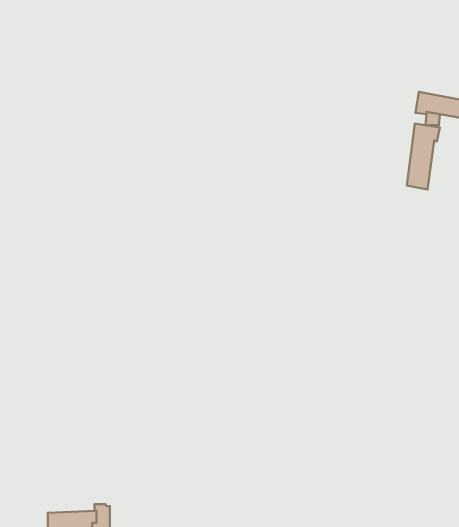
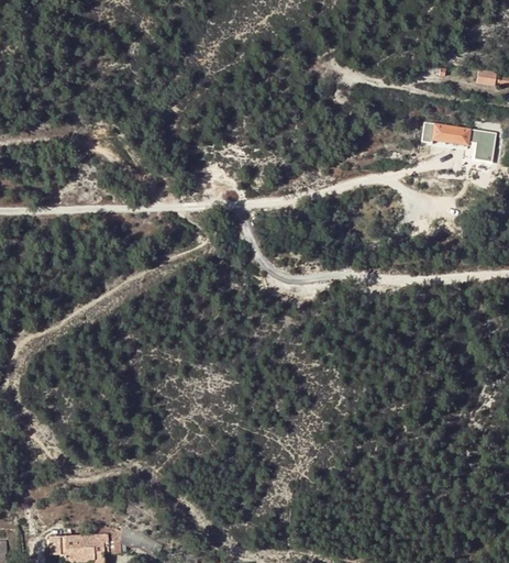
building: [407,124,440,189] -> none

